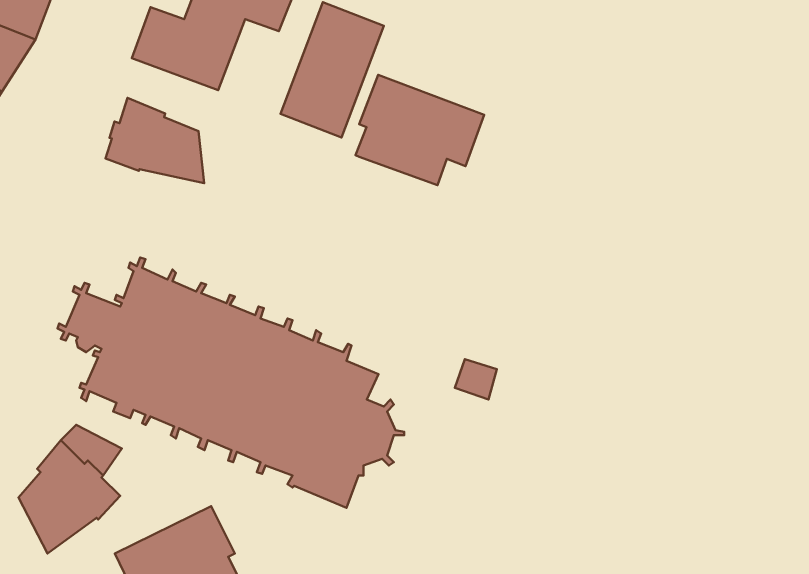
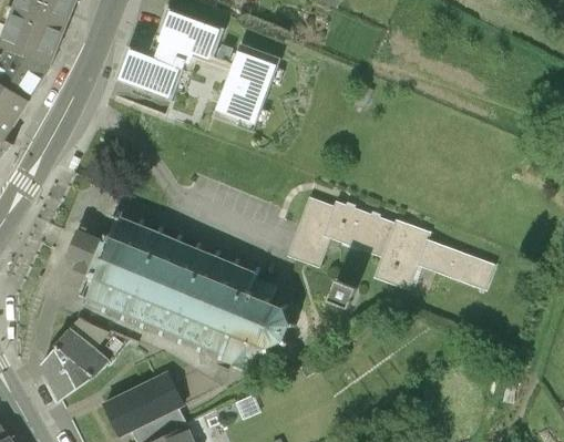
building: [356,75,484,185] -> none
building: [106,98,204,183] -> none
building: none -> [287,195,493,289]

